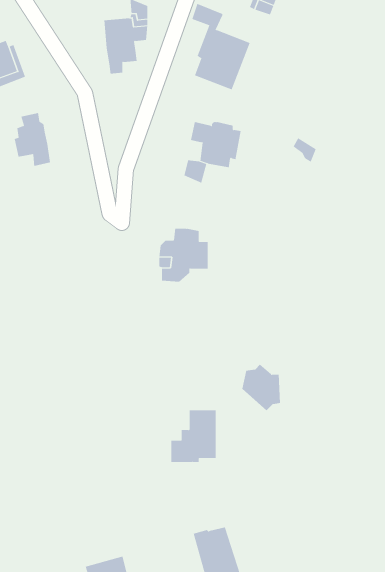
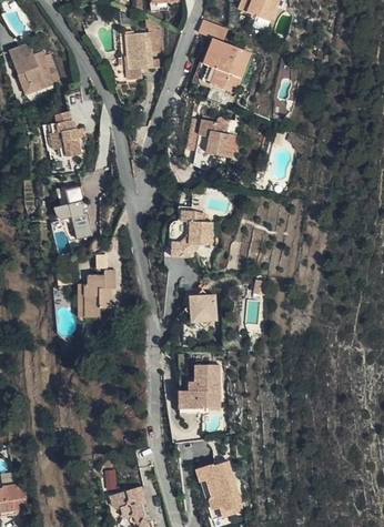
building: none -> [53,186,92,241]
building: none -> [84,271,114,318]
building: [242,364,281,411] -> [185,285,219,325]

